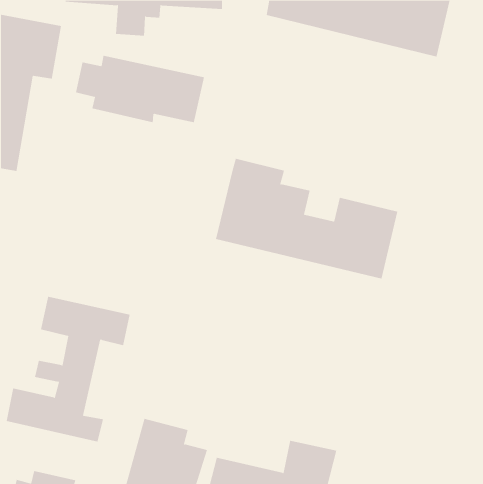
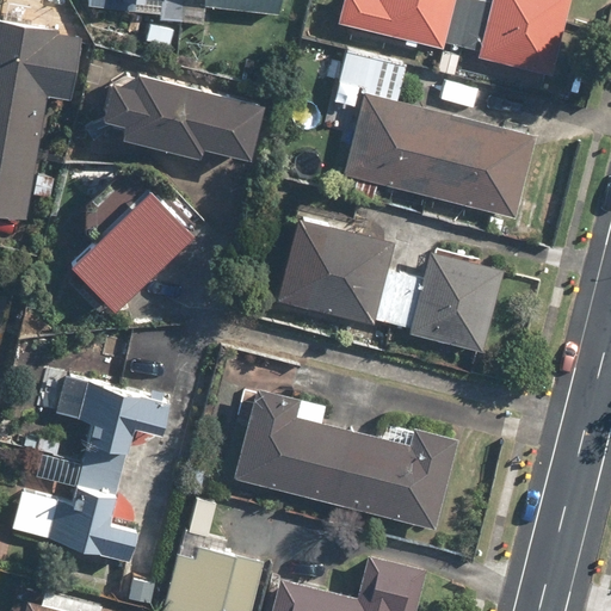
building: none -> [334,47,537,218]
building: none -> [66,174,191,311]
building: none -> [232,388,458,530]

